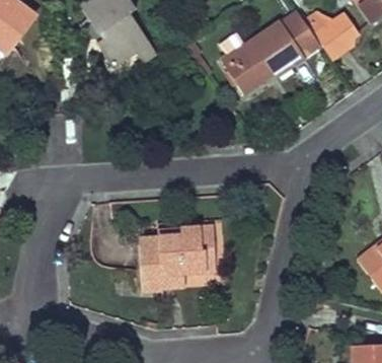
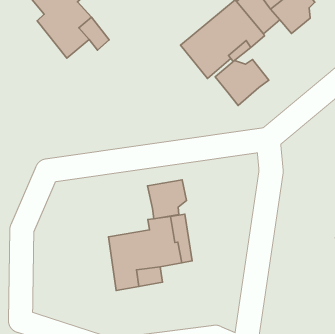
building: none -> [215,59,269,105]
building: none -> [147,180,186,219]

